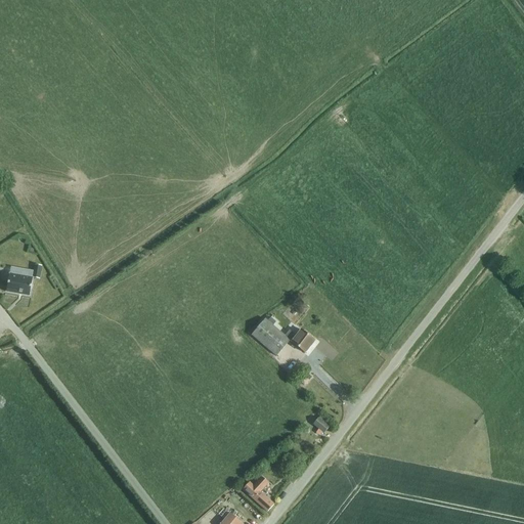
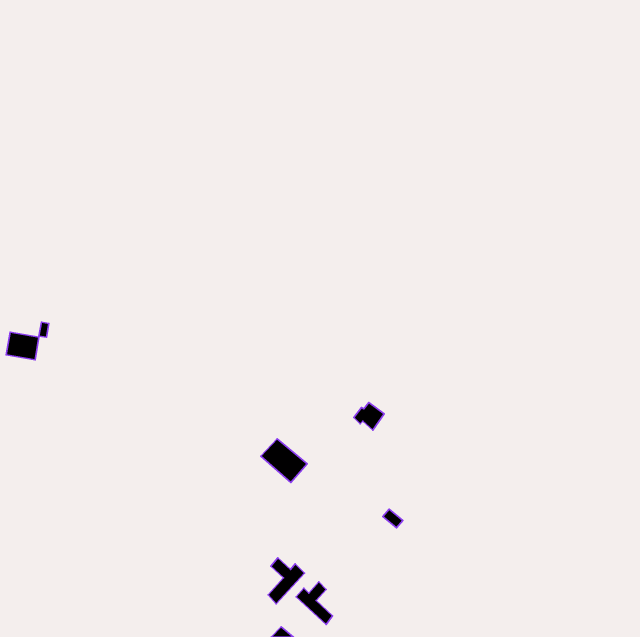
building: [251,318,289,354] -> [261,439,307,483]
building: none -> [268,558,305,604]

